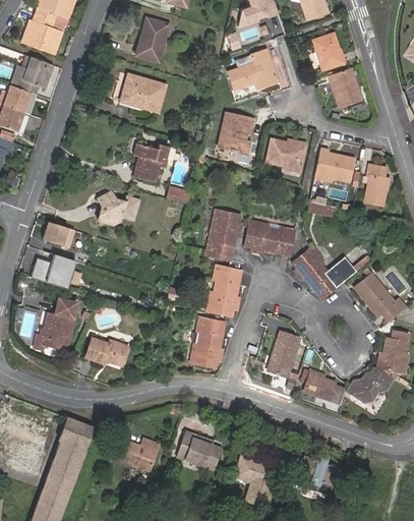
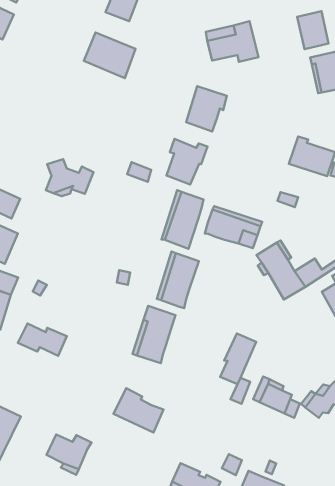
building: [267,137,306,169] -> none
building: [133,141,168,181] -> [166,139,207,184]
building: [178,431,223,469] -> [114,388,164,432]

